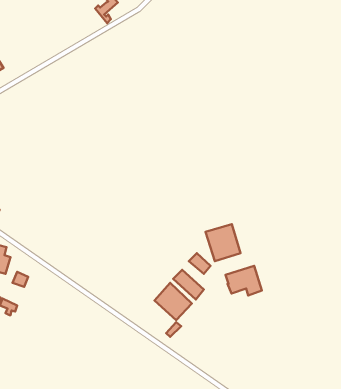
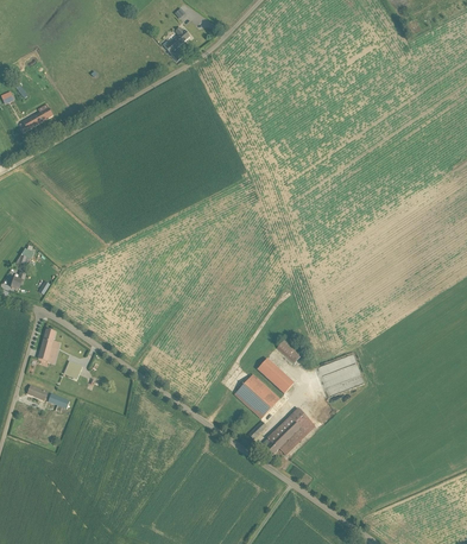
building: [205,224,240,261] -> none
building: none -> [258,406,314,456]

